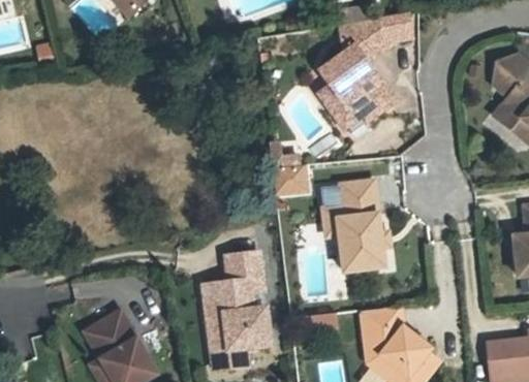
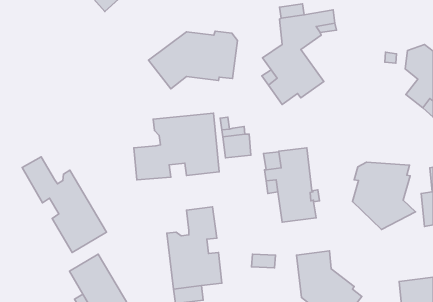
building: none -> [149,31,238,89]
building: none -> [134,113,219,180]
building: none -> [22,157,107,252]
building: none -> [352,162,416,230]

